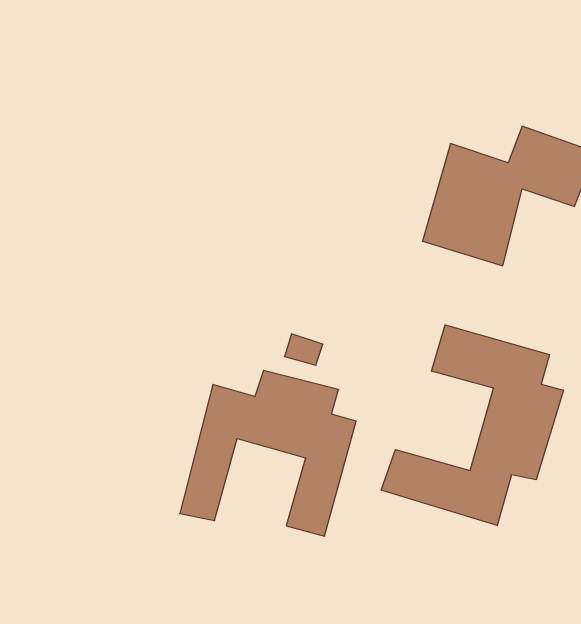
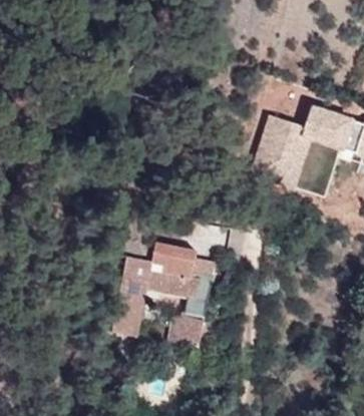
building: [381,325,563,526] -> none

